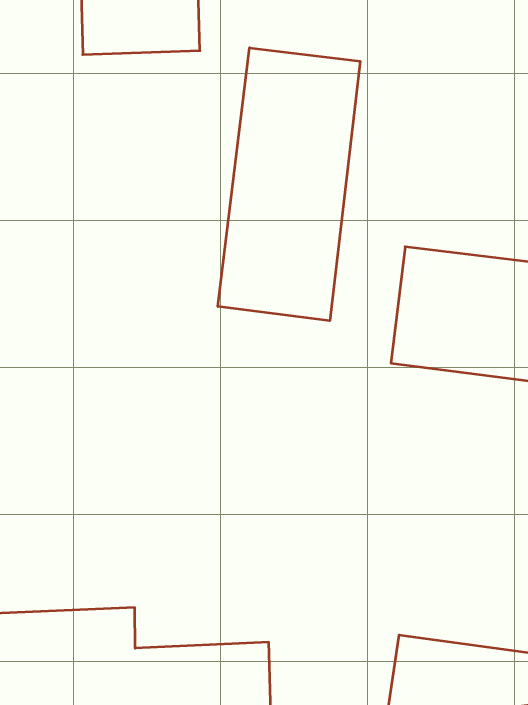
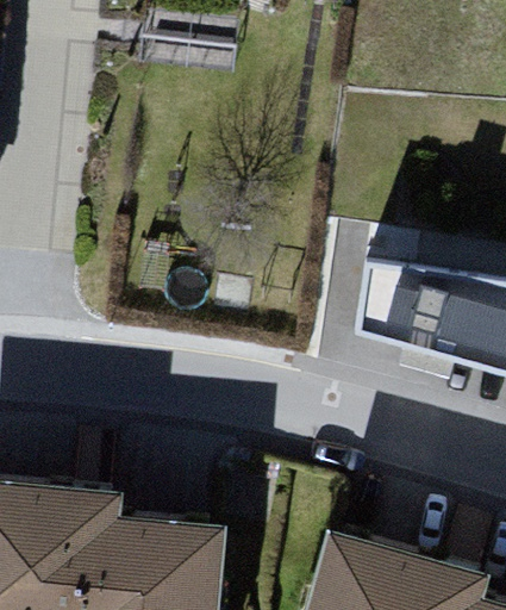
building: [218,48,360,321] -> none

